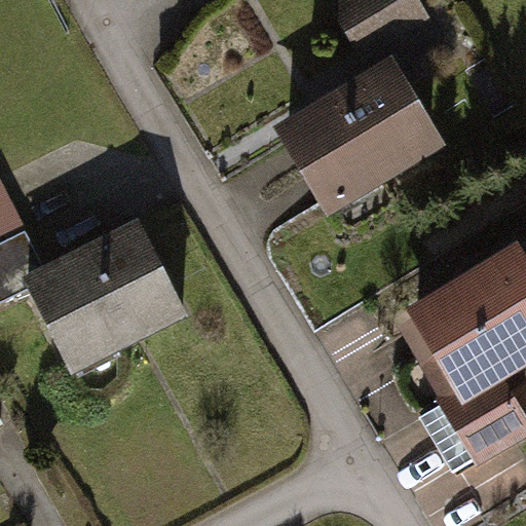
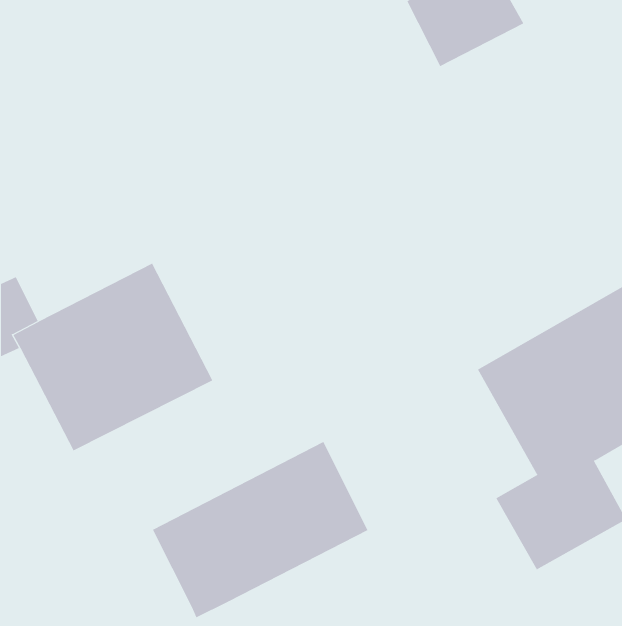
building: [273,54,448,218] -> none
building: none -> [152,441,368,618]

